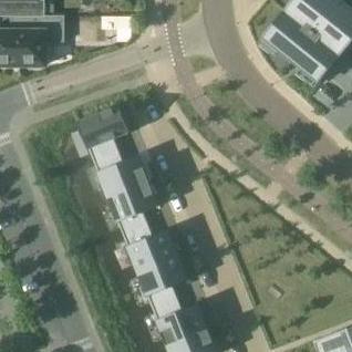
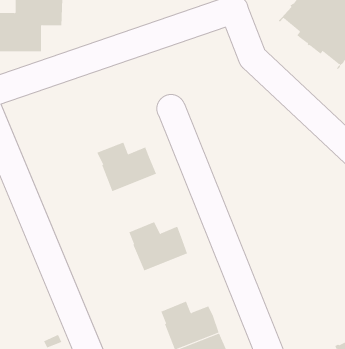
building: [77,105,130,159] -> none
building: [107,179,159,234] -> none
building: [137,253,189,308] -> none

